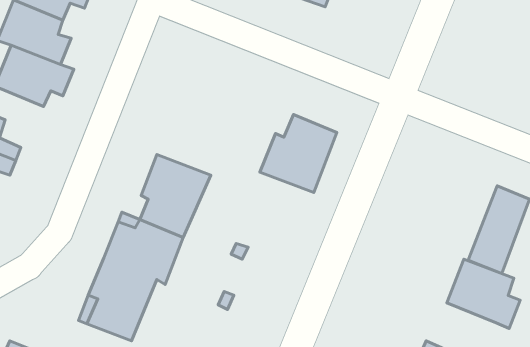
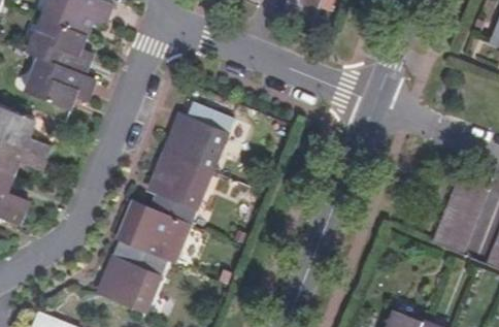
building: [260,114,337,192] -> [165,102,231,169]
building: [447,259,520,329] -> none

